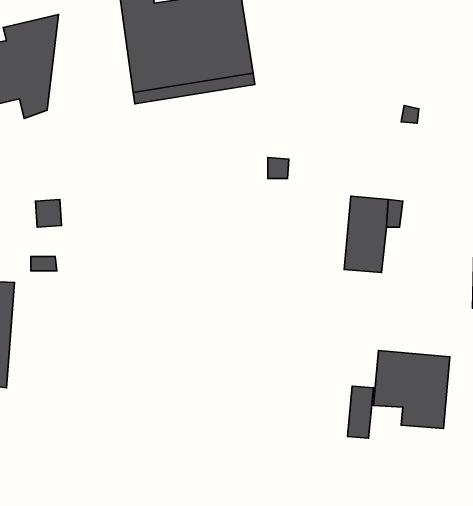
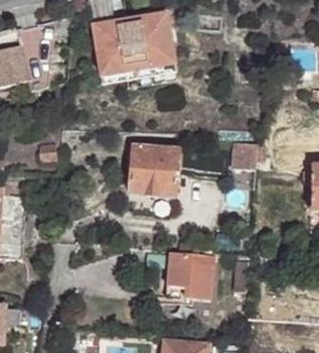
building: none -> [128,144,178,195]
building: [374,350,450,428] -> [166,249,213,298]

